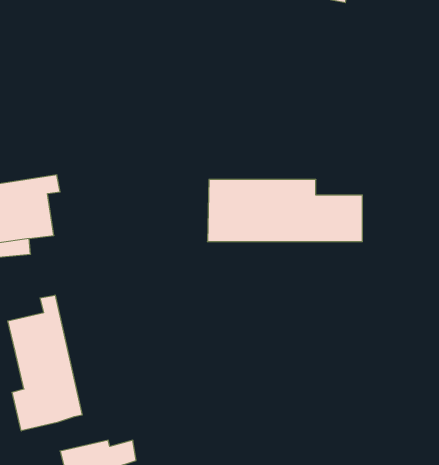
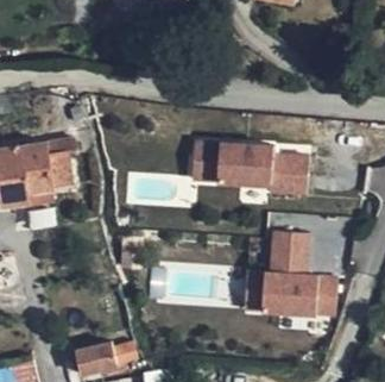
building: [8,295,82,431] -> none
building: none -> [261,231,337,318]

